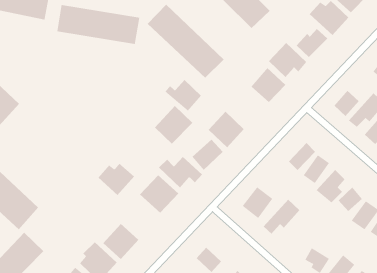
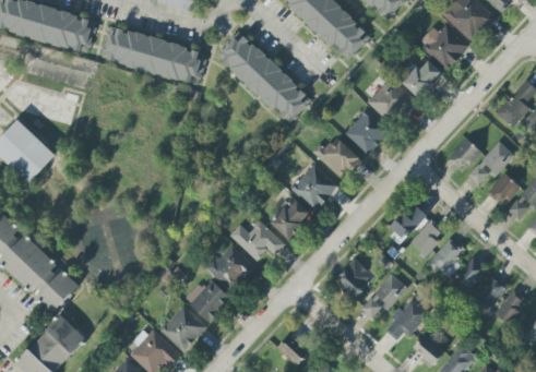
building: [165,79,202,111] -> [312,137,359,178]
building: [154,105,193,144] -> none
building: [98,163,135,196] -> [184,280,231,322]
building: none -> [383,299,428,340]

